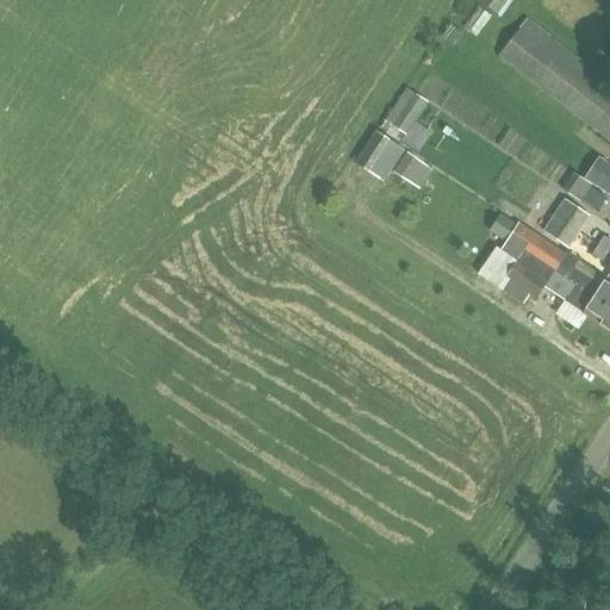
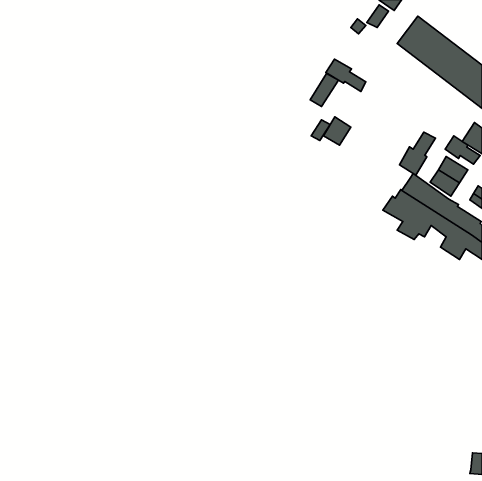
building: none -> [326,59,366,92]
building: [355,130,405,180] -> none
building: none -> [399,132,436,175]

